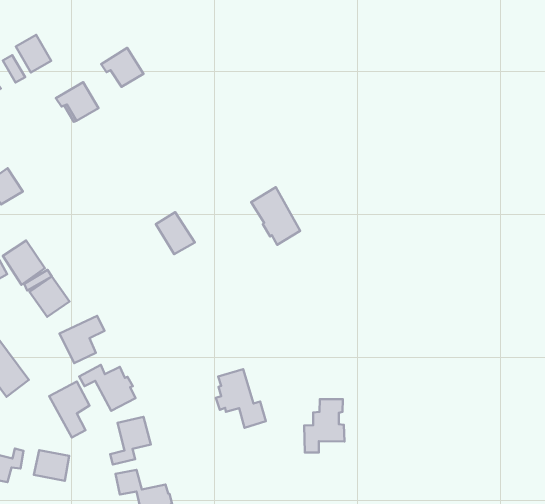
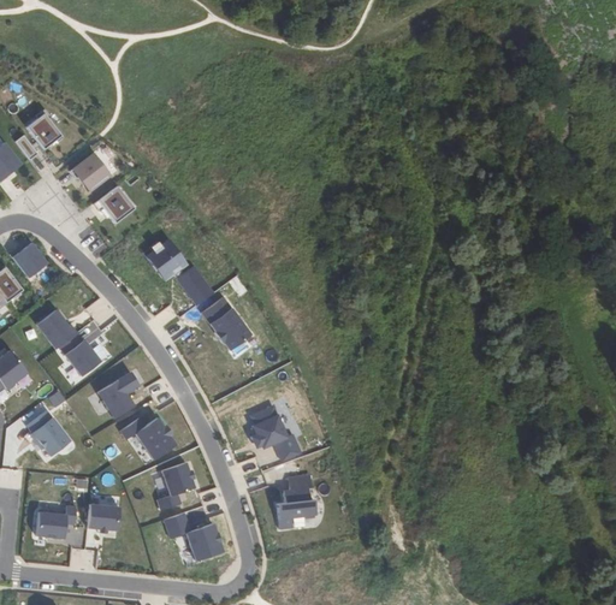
building: [101,48,143,87] -> [94,185,135,223]
building: none -> [147,238,185,280]
building: [251,187,300,245] -> [202,296,251,350]
building: [49,382,90,437] -> none
building: [304,399,344,453] -> [276,471,315,526]

